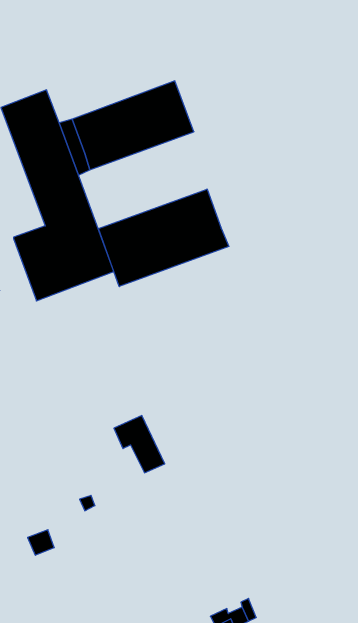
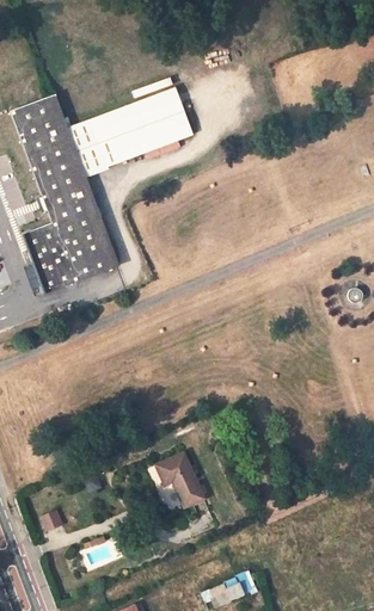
building: [98,189,229,287] -> none
building: [114,416,165,473] -> [157,452,204,506]

